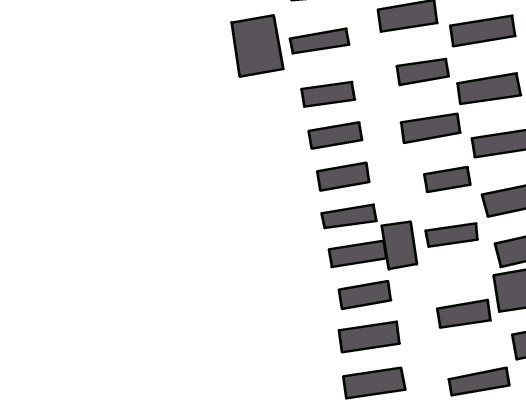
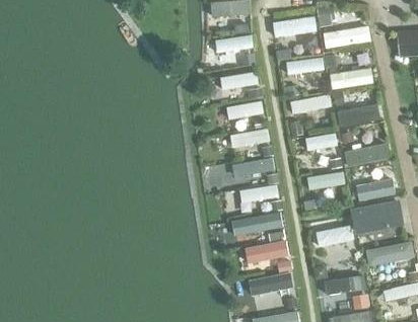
building: [232,15,283,77] -> none
building: [382,222,417,269] -> none

